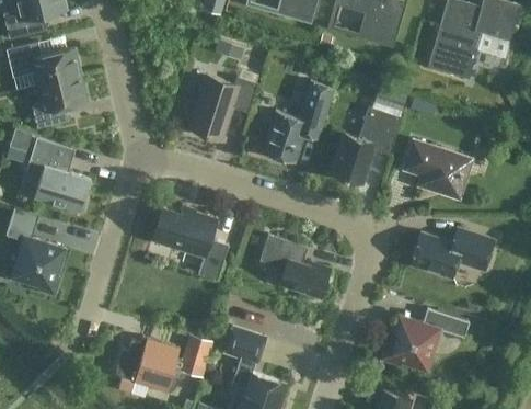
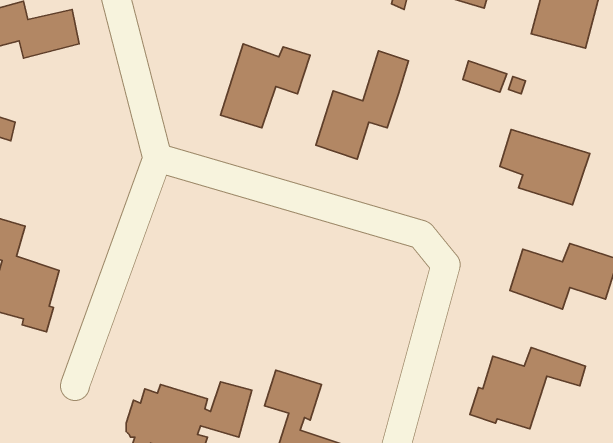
building: [32,75,88,129] -> none
building: [332,107,402,184] -> none
building: [27,138,92,212] -> none
building: [152,206,229,280] -> none
building: [259,235,331,298] -> none

